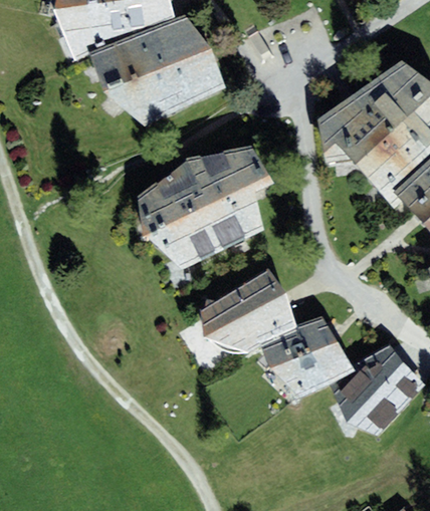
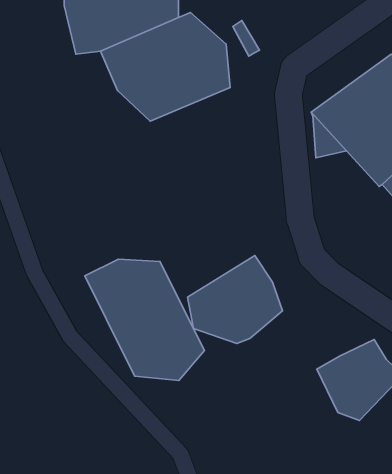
building: [142,149,291,271] -> none
building: none -> [85,259,204,380]
building: [258,311,350,397] -> none

